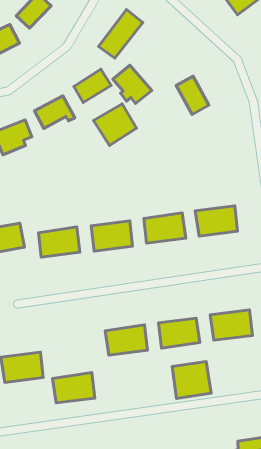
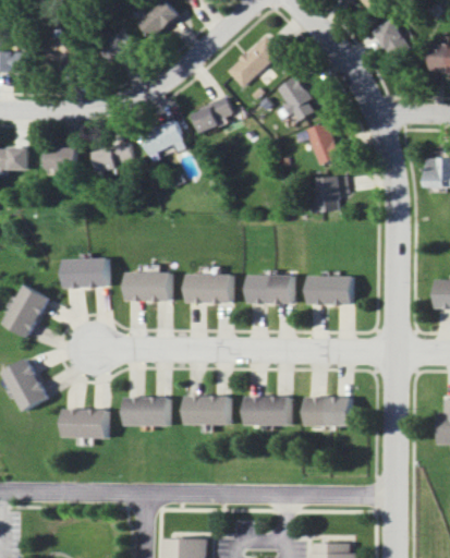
building: [113,65,152,104] -> [277,75,319,120]
building: [94,104,137,146] -> none
building: none -> [317,177,346,211]
building: [172,361,211,398] -> none
building: [53,373,95,403] -> [123,397,169,426]

